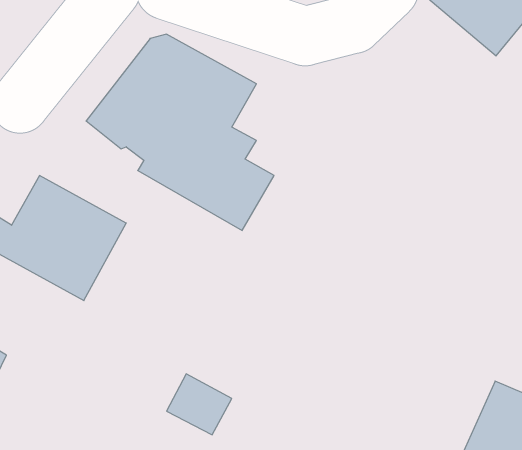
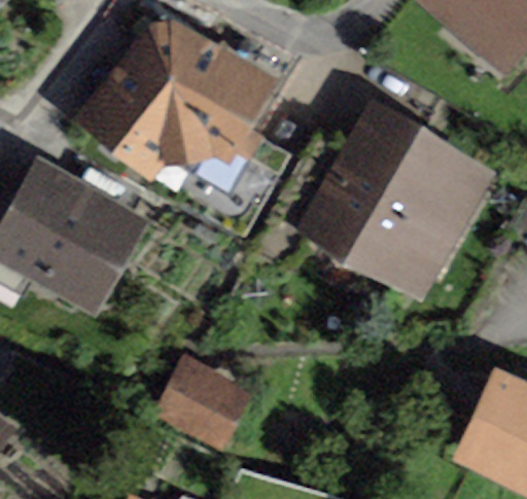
building: none -> [246,119,473,282]

